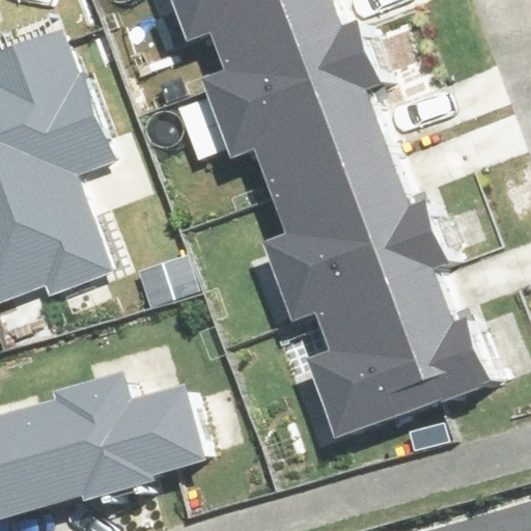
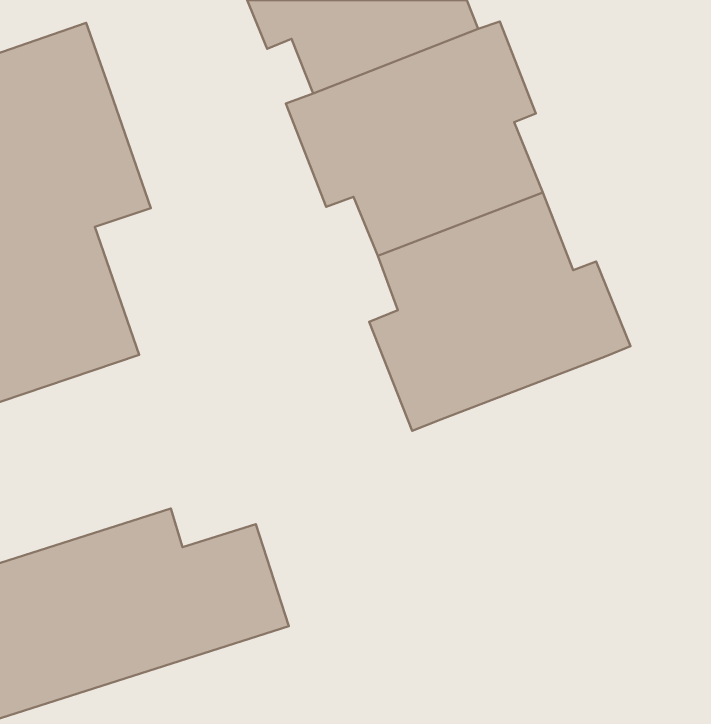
building: [314,264,495,436] -> none

